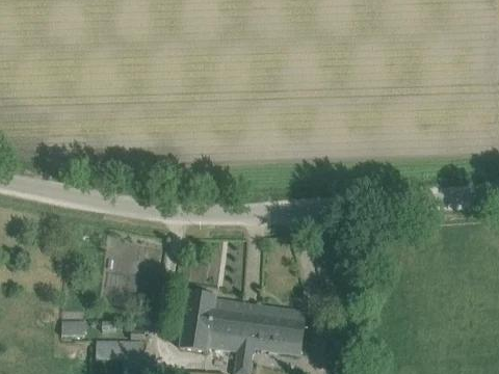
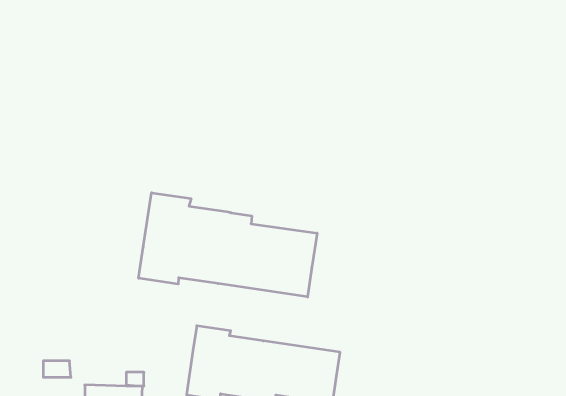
building: none -> [139,193,317,297]

